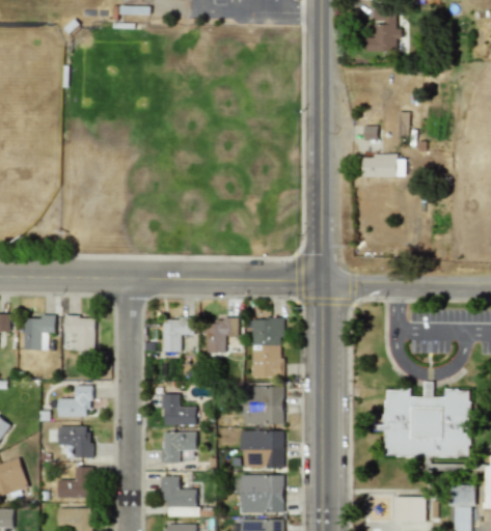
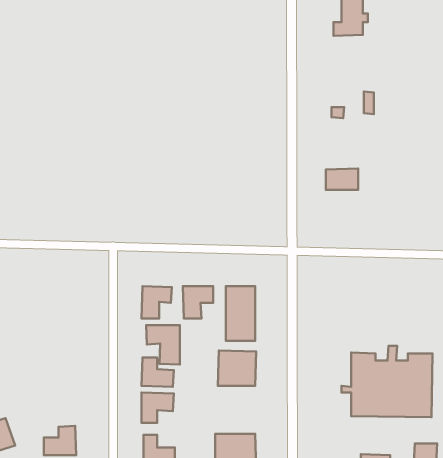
building: [362,155,397,177] -> [326,168,358,190]
building: [24,315,55,351] -> none
building: [63,316,94,352] -> none
building: none -> [146,325,180,365]
building: [57,386,90,417] -> none
building: [57,426,90,457] -> none
building: [241,430,283,469] -> none

